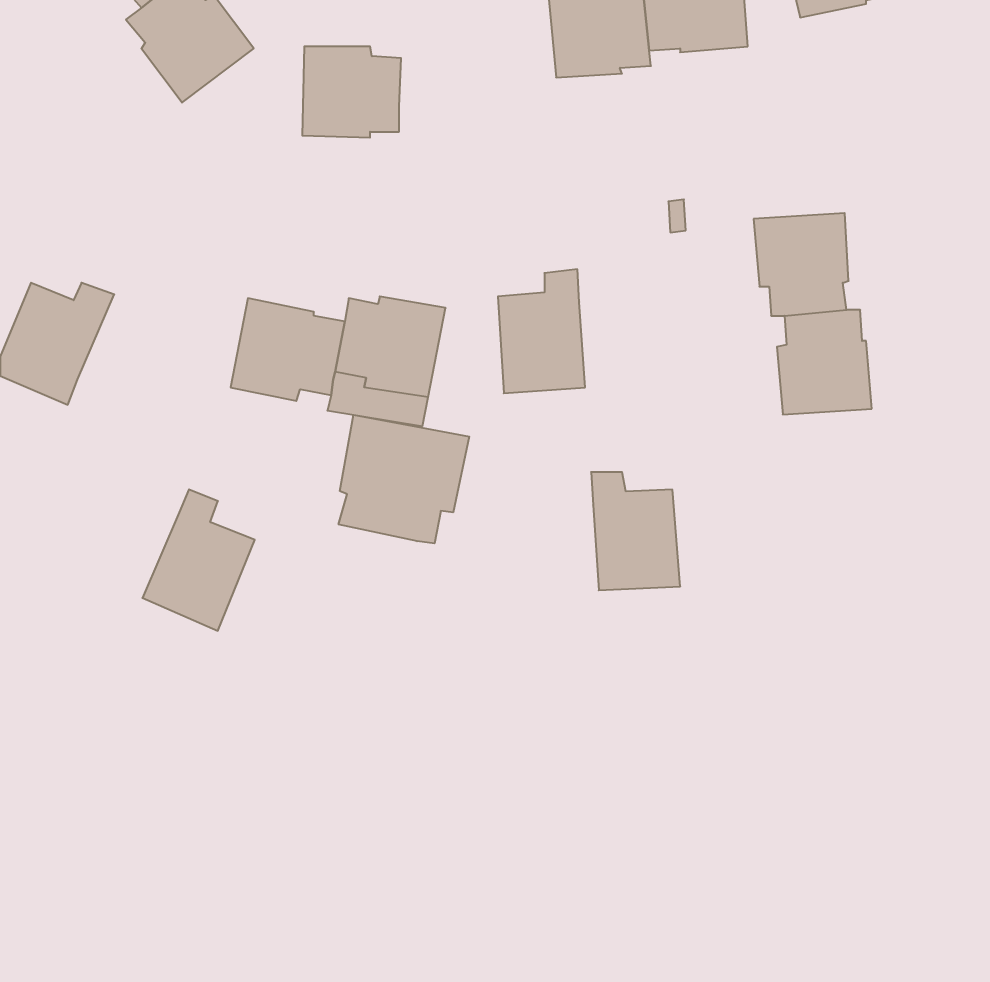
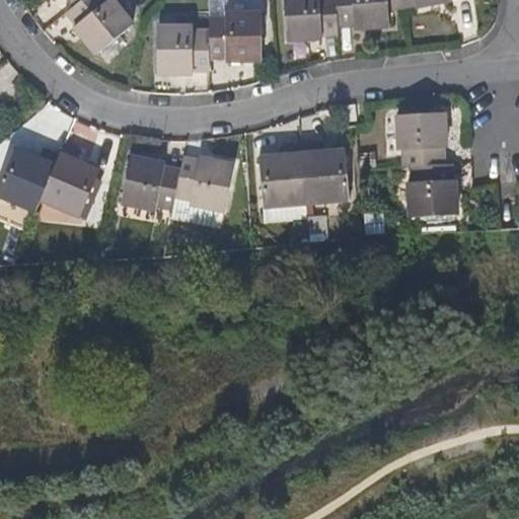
building: none -> [209,12,262,60]
building: [339,415,469,543] -> none
building: [591,472,680,590] -> [302,141,349,203]
building: [142,489,255,631] -> [41,142,99,216]

